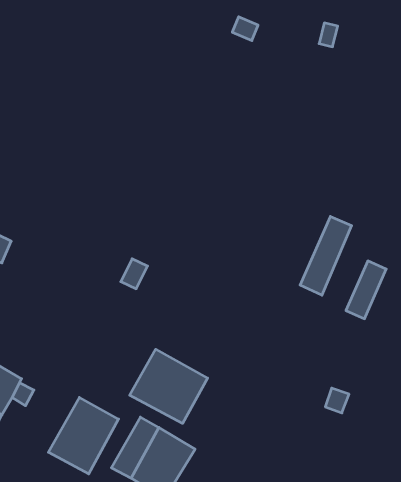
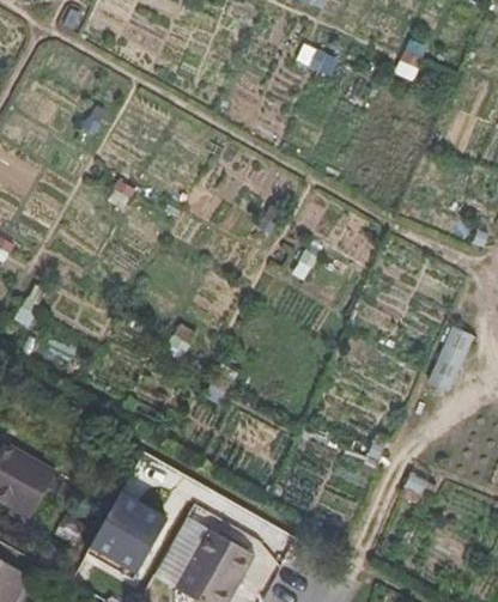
building: [300,216,352,295] -> none
building: [130,349,208,423] -> none

